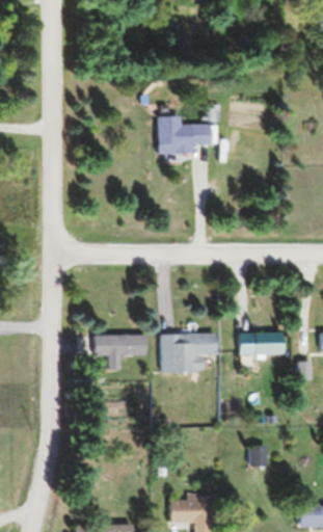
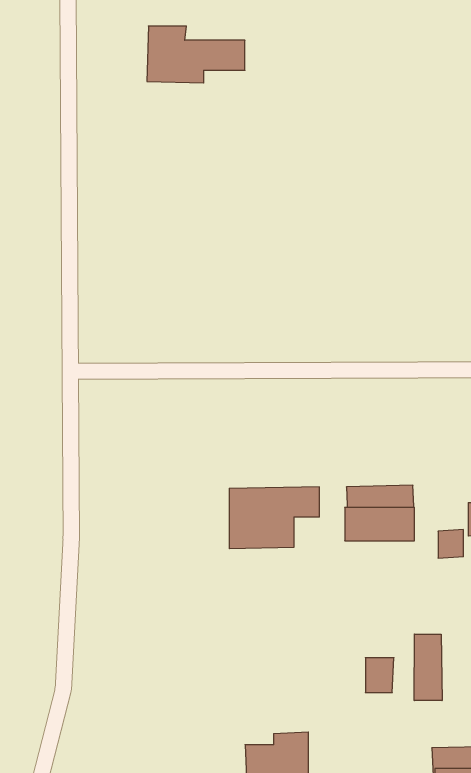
building: [155,117,219,155] -> [147,26,245,83]
building: [93,334,145,372] -> none
building: none -> [414,634,442,701]

